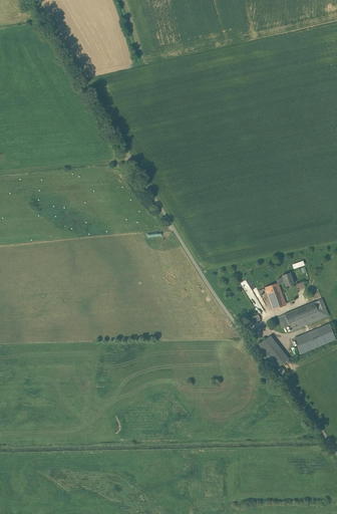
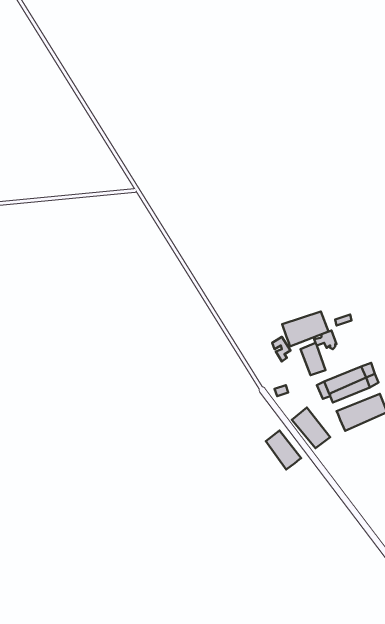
building: none -> [282,311,328,346]
building: none -> [266,431,301,469]

